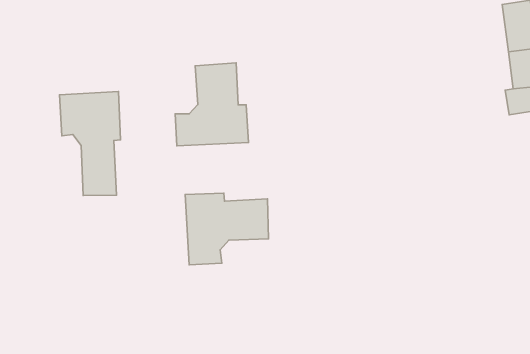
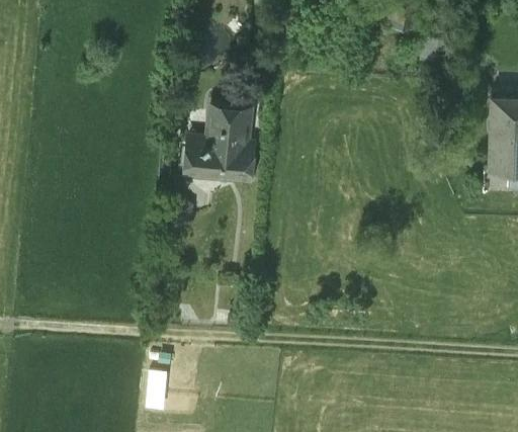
building: [60,91,120,196] -> none
building: [185,193,268,265] -> none

